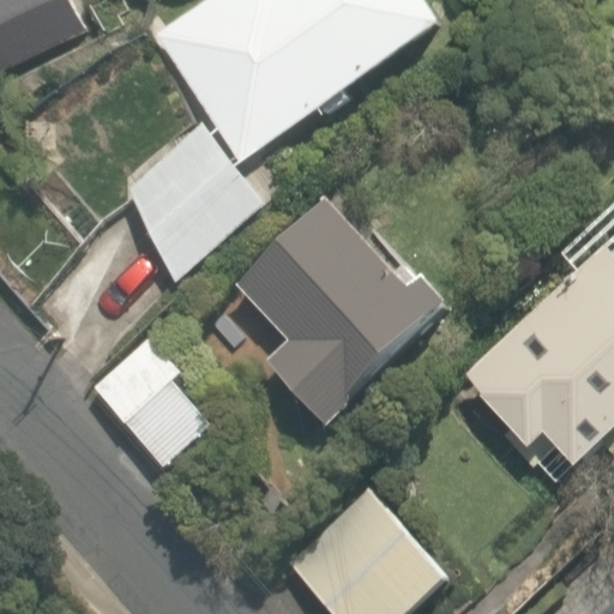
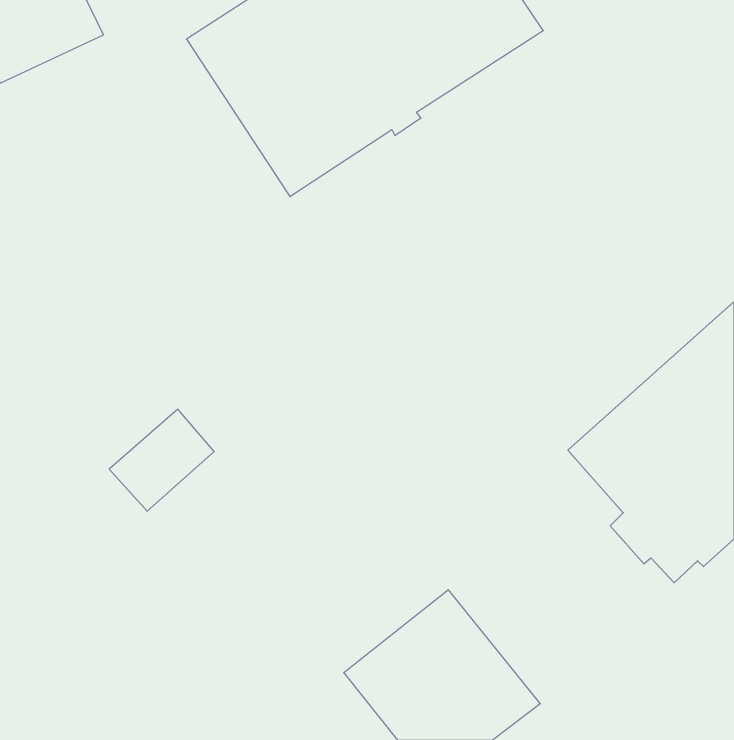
building: [126,126,265,282] -> none
building: [236,197,450,426] -> none

